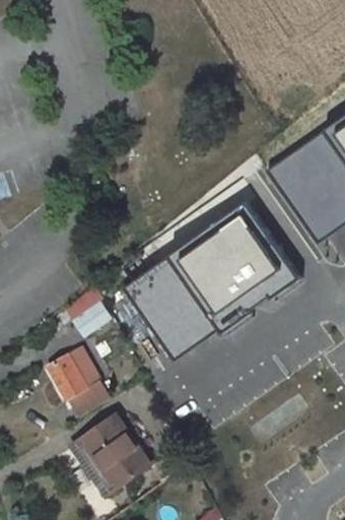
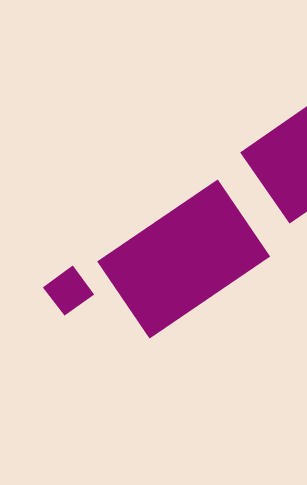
building: [45,349,108,419] -> none
building: [76,411,154,492] -> none

